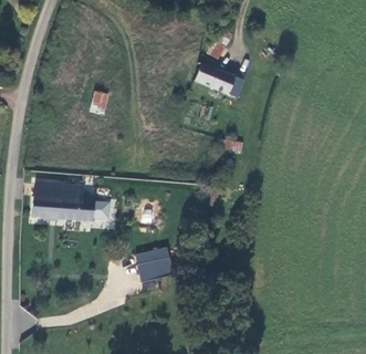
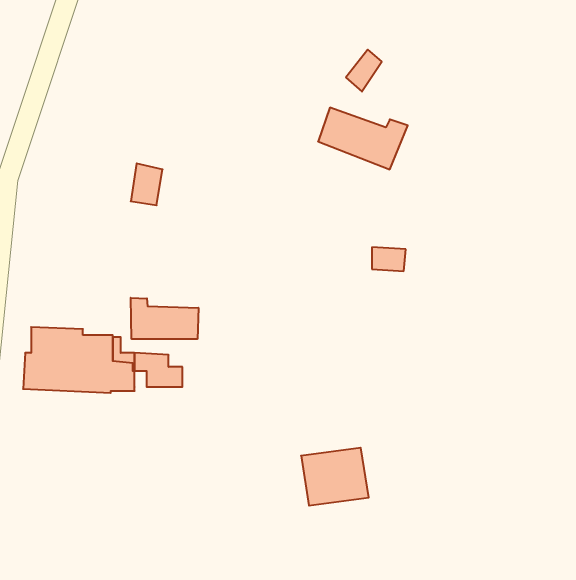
building: none -> [131,298,198,339]
building: [135,248,172,280] -> [301,448,369,506]

